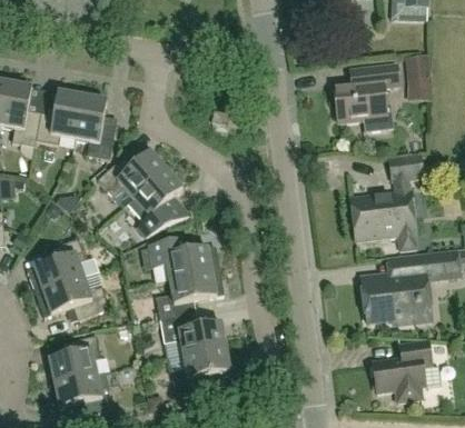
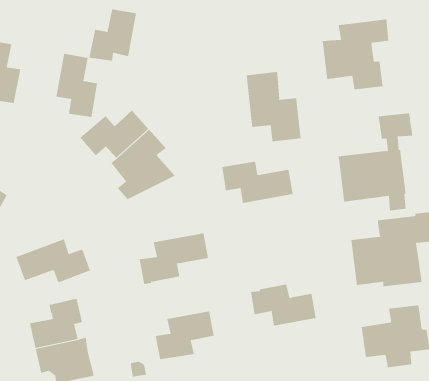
building: [404,53,432,83] -> none
building: [36,91,82,142] -> [89,9,137,61]
building: none -> [246,71,301,142]
building: [28,237,86,293] -> none
building: [149,238,219,279] -> [222,161,294,203]
building: [160,312,225,354] -> [250,284,317,326]

